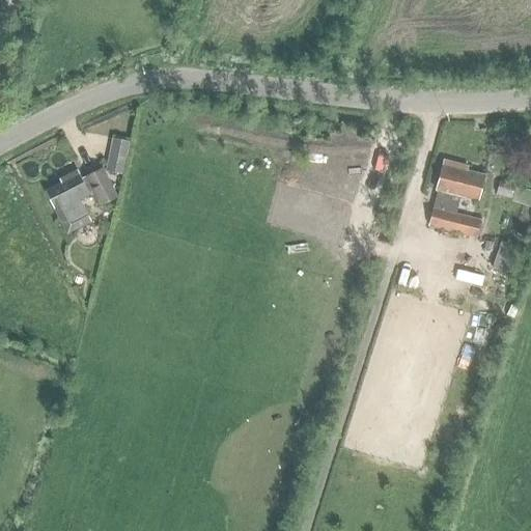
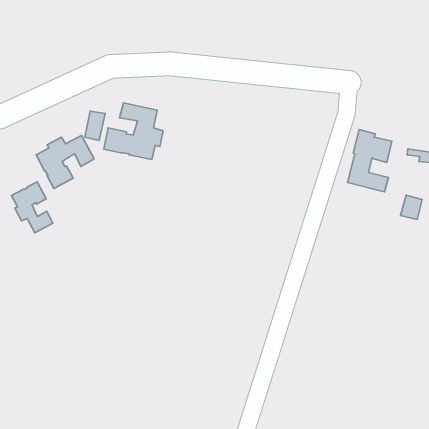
building: none -> [104,103,163,160]
building: none -> [11,182,53,233]

